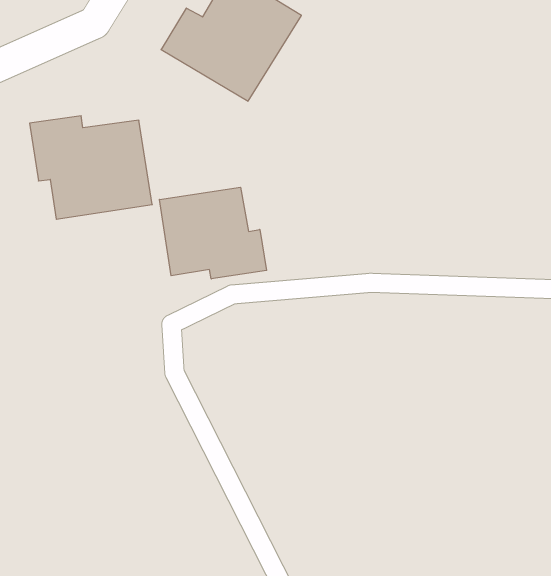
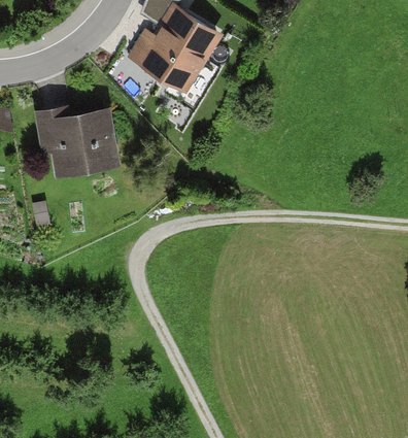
building: [159,187,267,279] -> none

